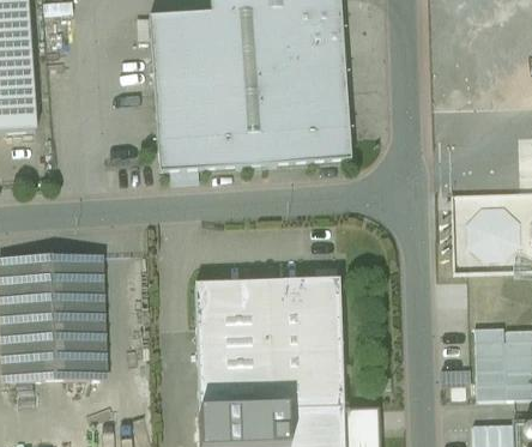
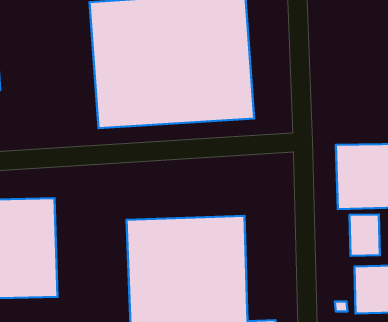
building: none -> [350,215,380,256]

